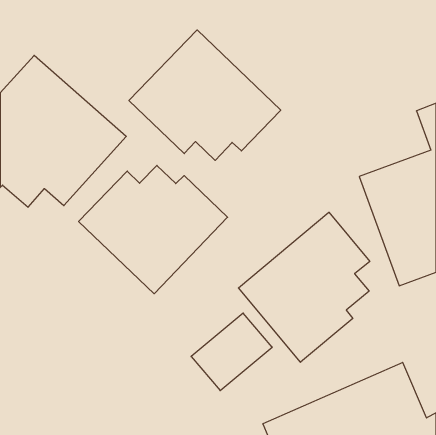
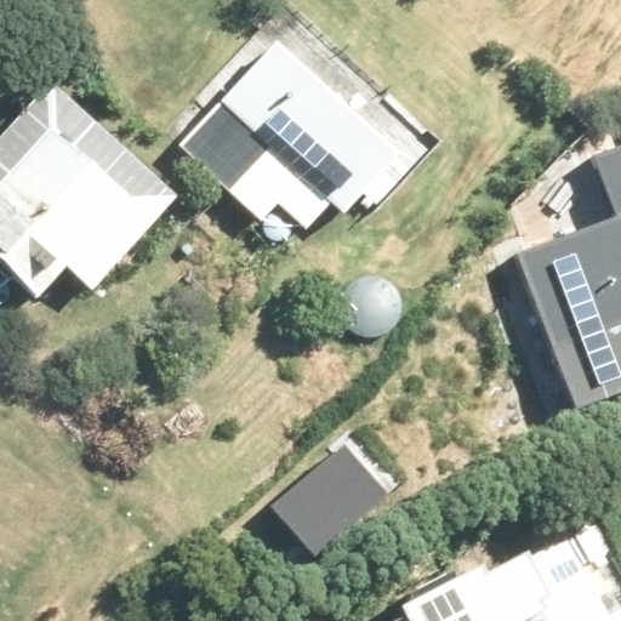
building: [79,165,228,294] -> none
building: [238,212,370,362] -> none

